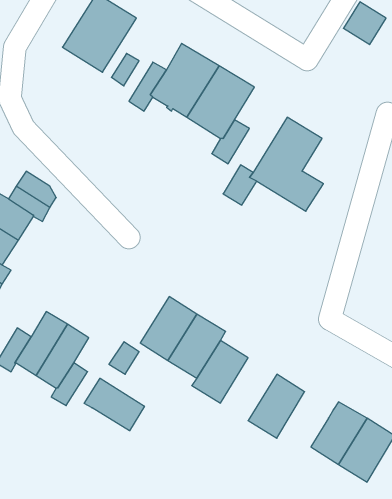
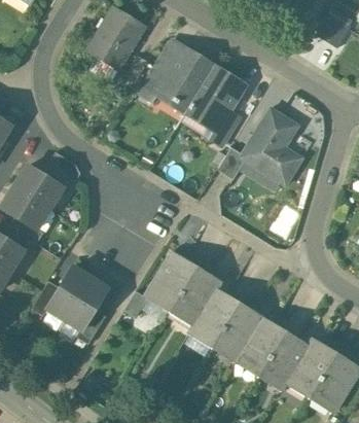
building: none -> [215,305,261,356]
building: [84,378,144,431] -> none
building: none -> [261,332,308,385]

